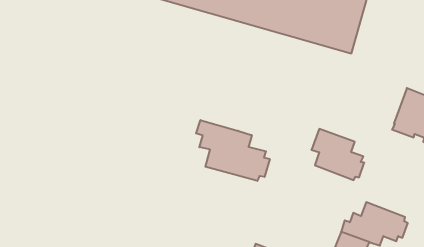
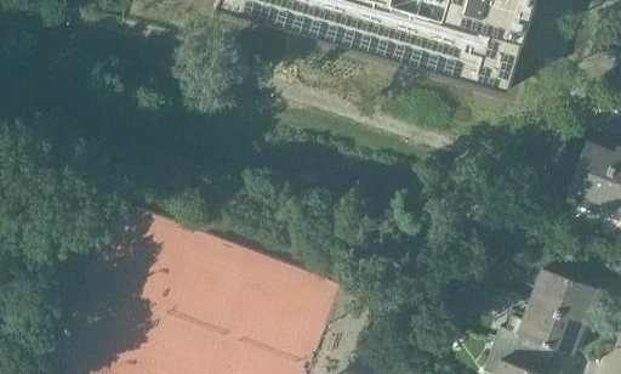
building: [196,120,270,181] -> none
building: [311,129,364,180] -> [524,250,598,322]

